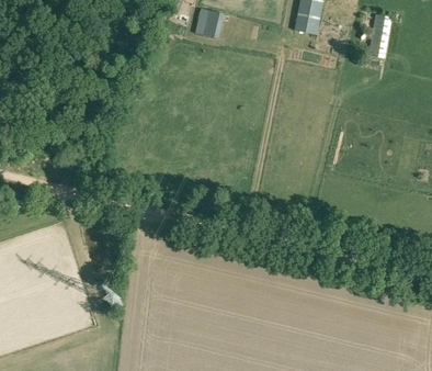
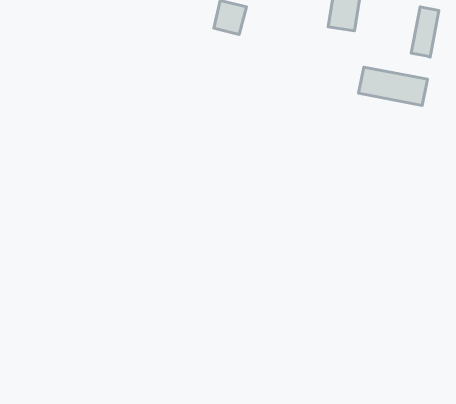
building: none -> [358,67,428,105]

